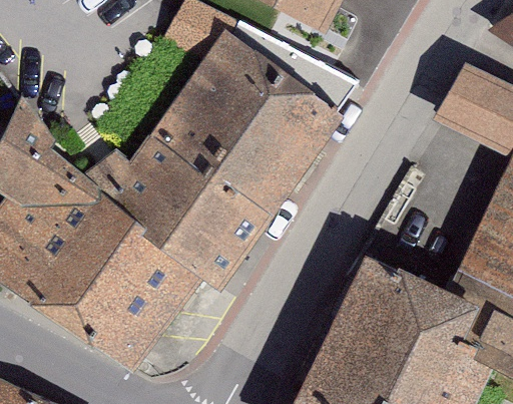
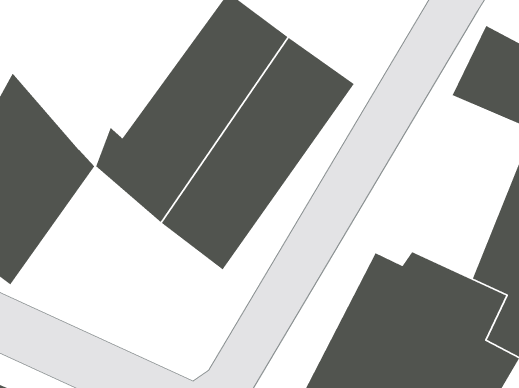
building: [23,190,163,374] -> none

